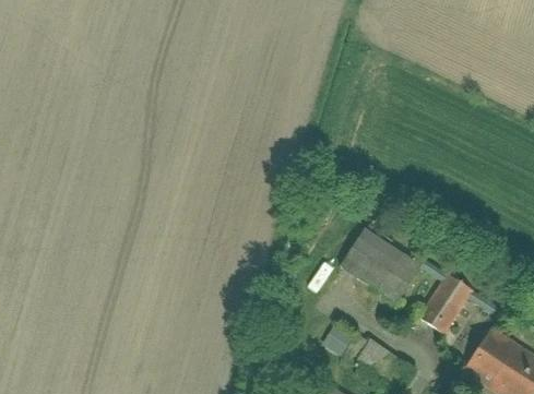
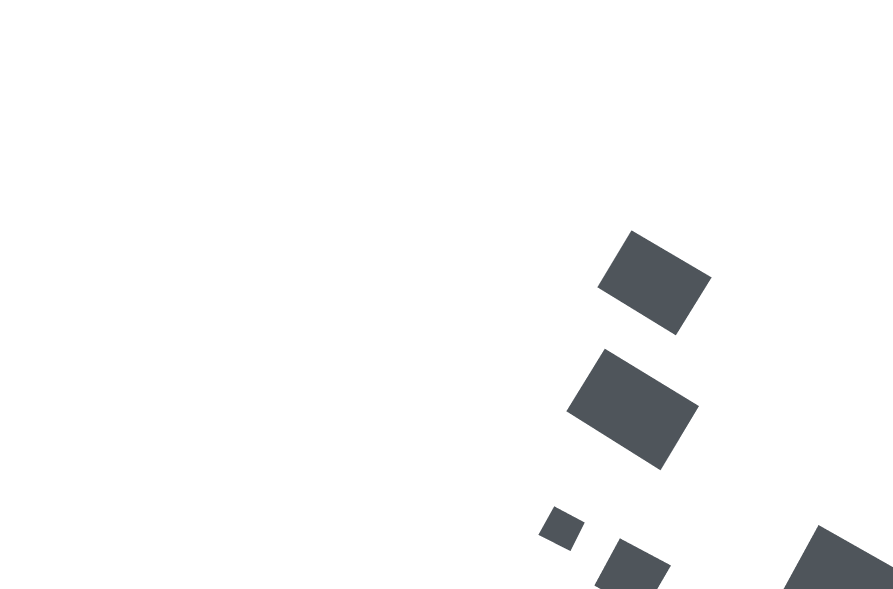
building: none -> [596,229,713,336]
building: [422,274,472,332] -> none

